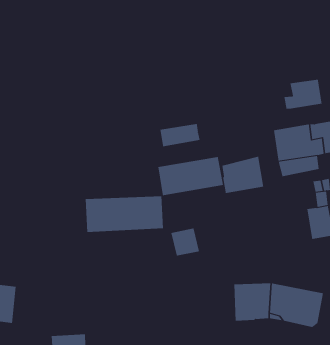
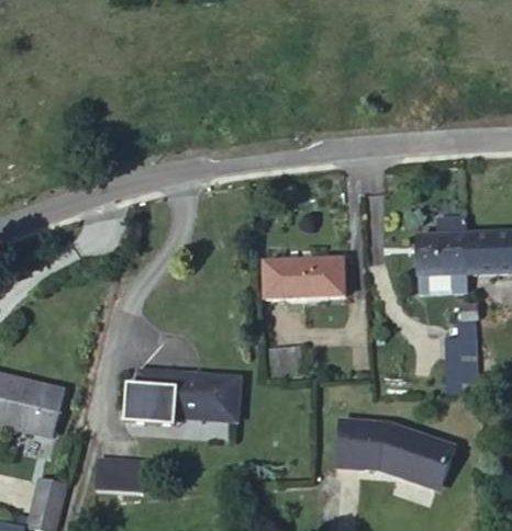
building: [284,79,322,109] -> none
building: [160,123,200,147] -> none
building: [222,156,264,194] -> none
building: [85,196,164,232] -> [136,369,238,419]

